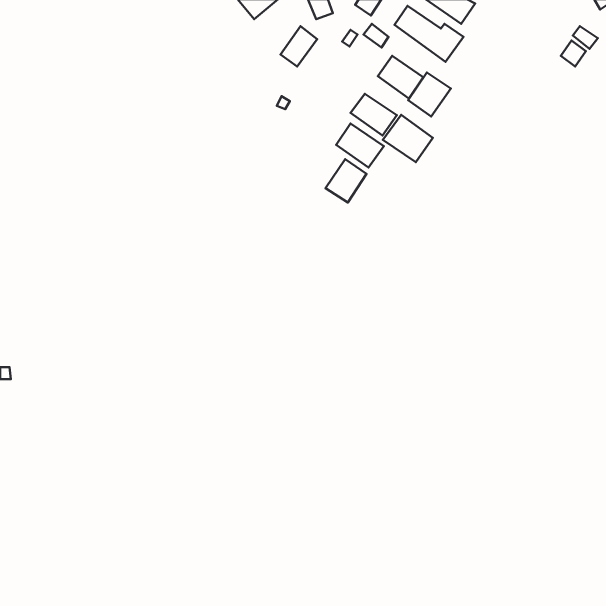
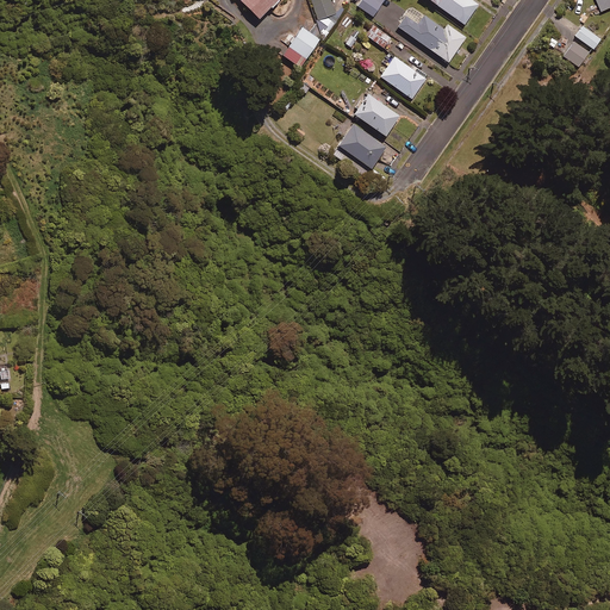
building: [408,72,451,117] -> none
building: [383,115,433,162] -> none
building: [326,159,367,203] -> none

